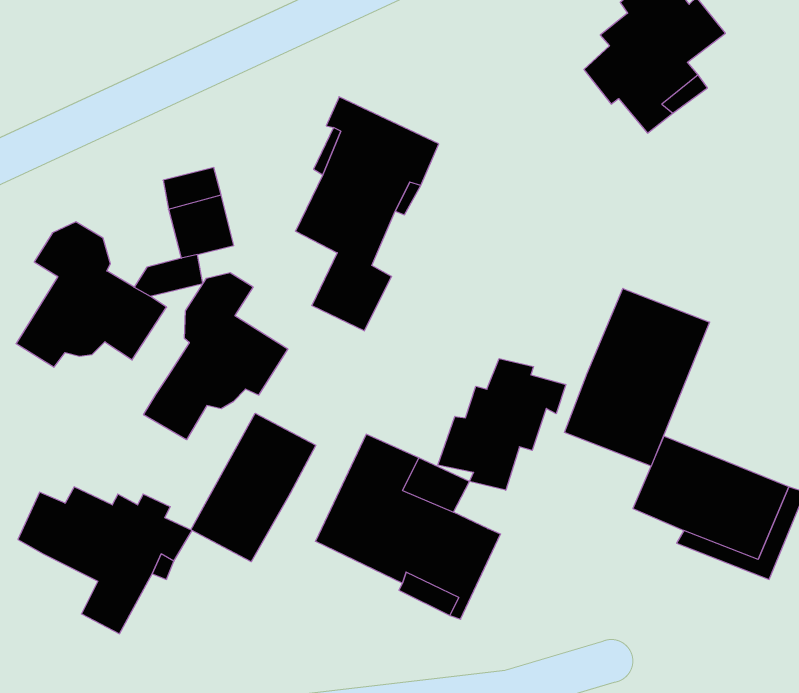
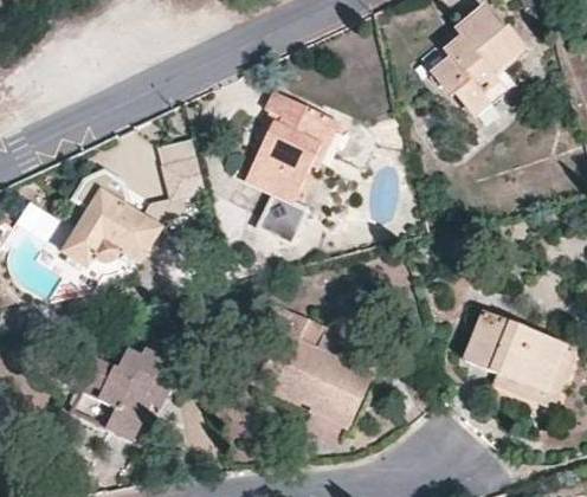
building: [144,273,288,440] -> none
building: [564,288,710,466] -> none
building: [438,359,566,490] -> none
building: [191,413,316,562] -> none

